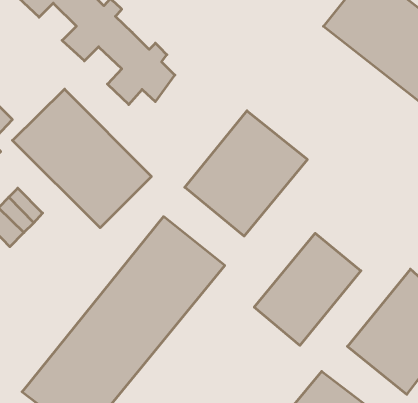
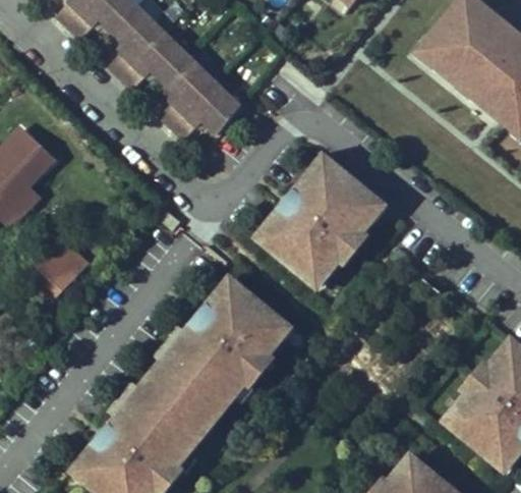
building: [12,89,151,228] -> none
building: [254,233,361,345] -> none

